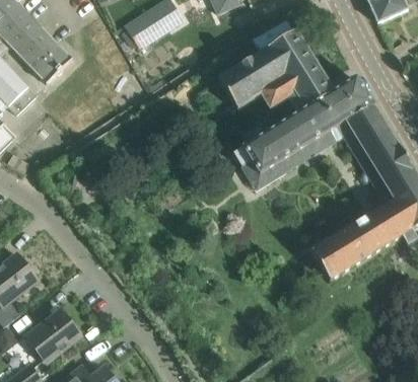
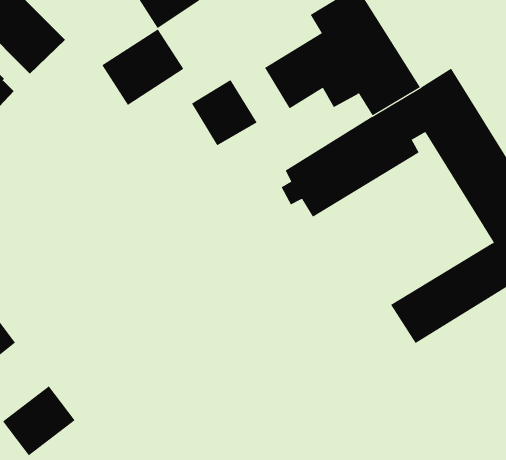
building: none -> [101,29,184,106]
building: none -> [191,79,258,146]

